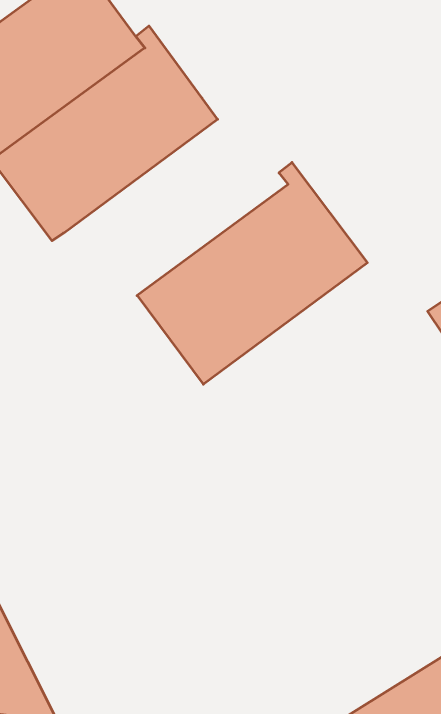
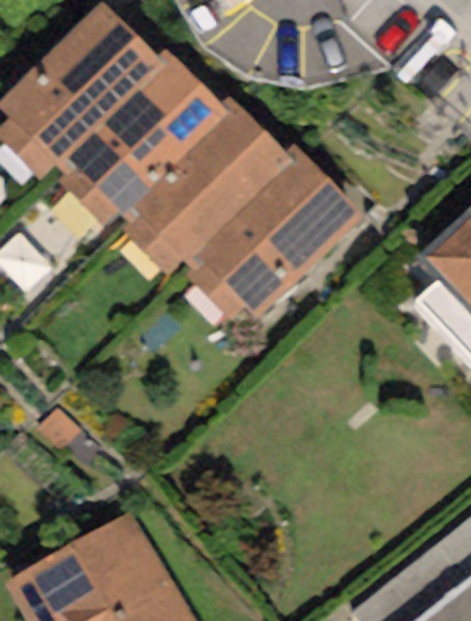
building: none -> [118,92,295,280]

